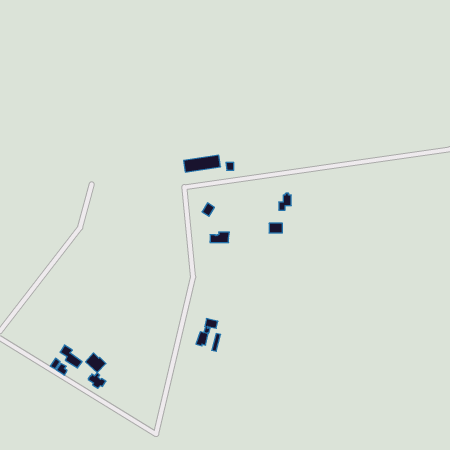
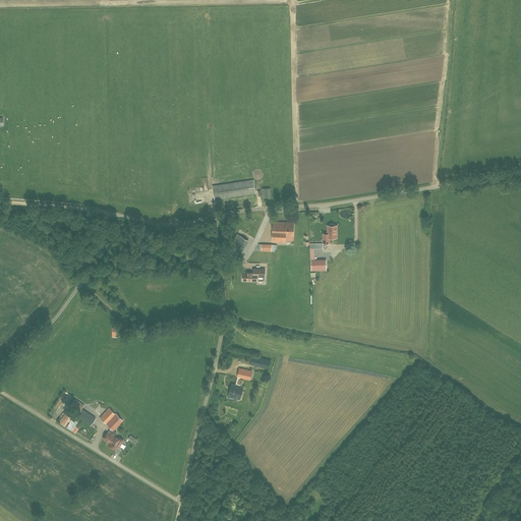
building: none -> [271,221,293,241]

